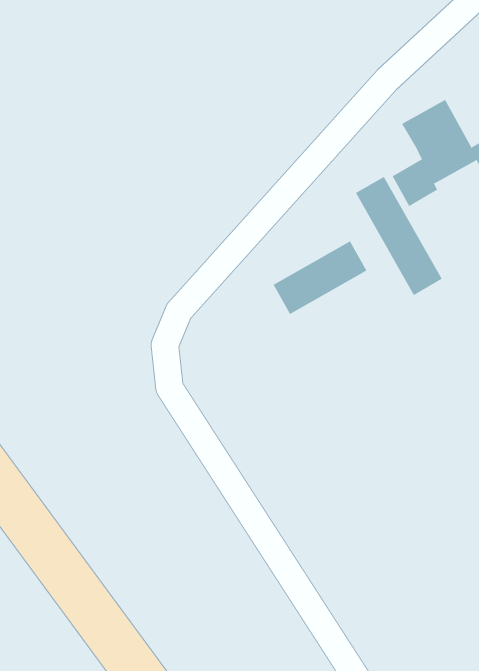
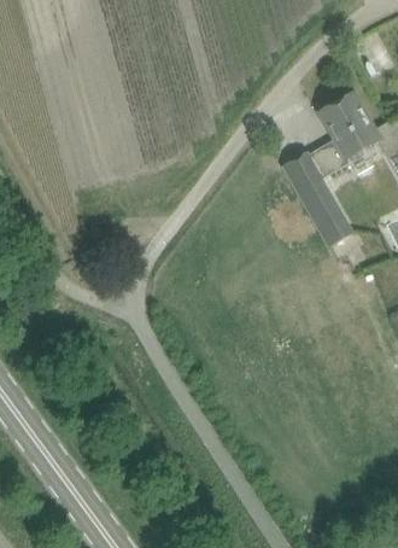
building: [273,240,367,315] -> none

